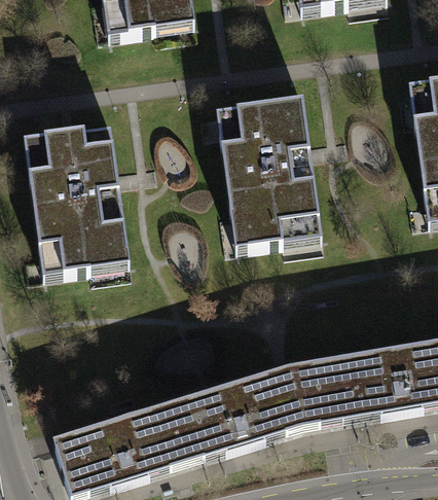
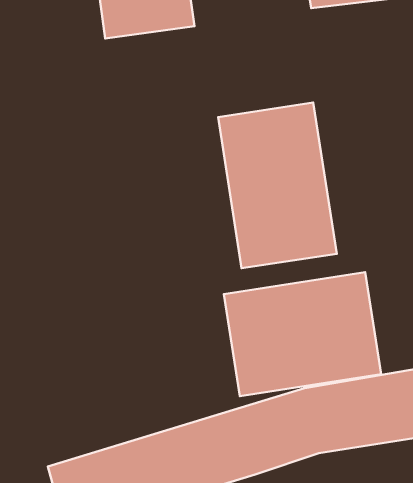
building: [24,127,127,278] -> none
building: none -> [224,272,381,396]

